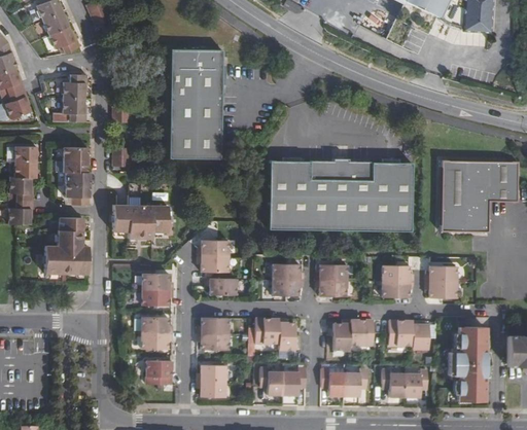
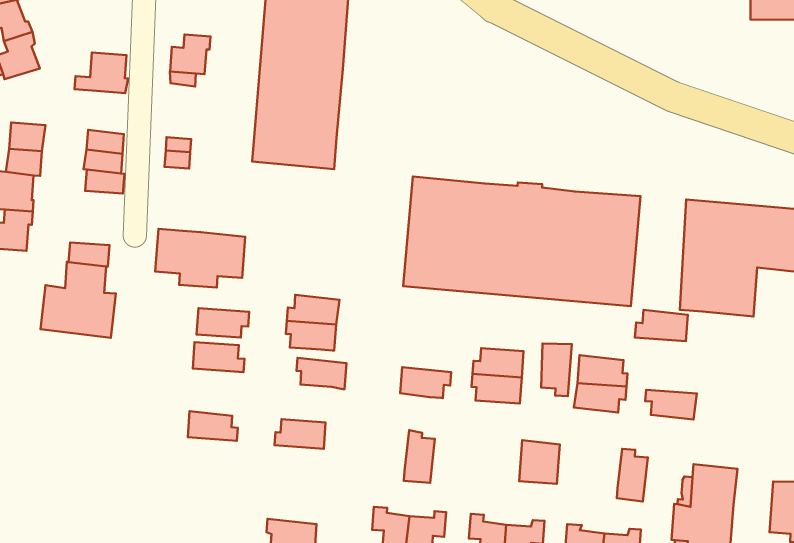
building: [64,74,87,98] -> [170,35,211,74]
building: [66,184,90,205] -> none
building: none -> [541,344,572,396]
building: [272,264,303,281] -> none
building: [425,265,457,283] -> [635,310,688,341]
building: [141,290,173,307] -> [197,308,249,338]
building: [254,319,279,345] -> none
building: [333,320,350,351] -> none
building: [388,321,413,346] -> none
building: [140,333,172,351] -> none
building: [195,334,226,351] -> none
building: [146,361,172,385] -> none
building: [195,365,225,382] -> none

